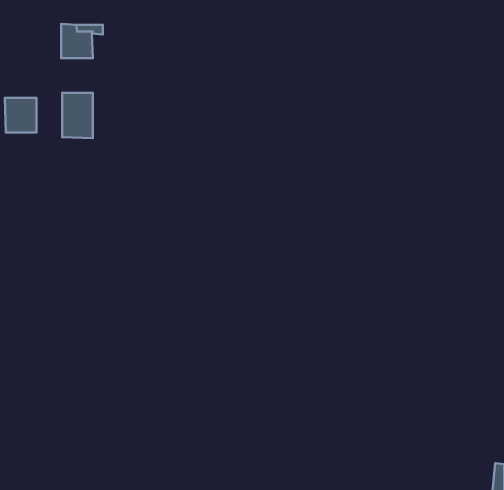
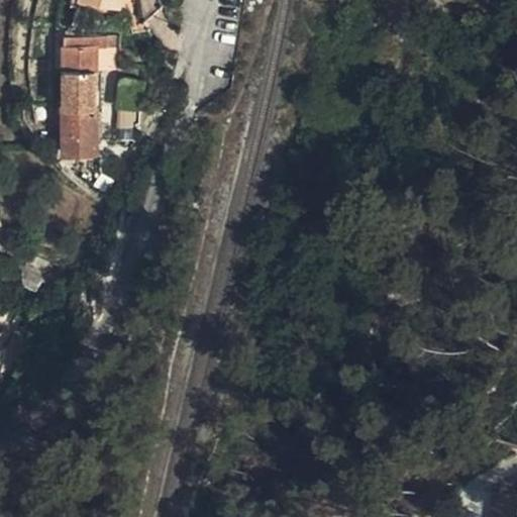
building: [5,98,37,132] -> [63,75,95,110]

